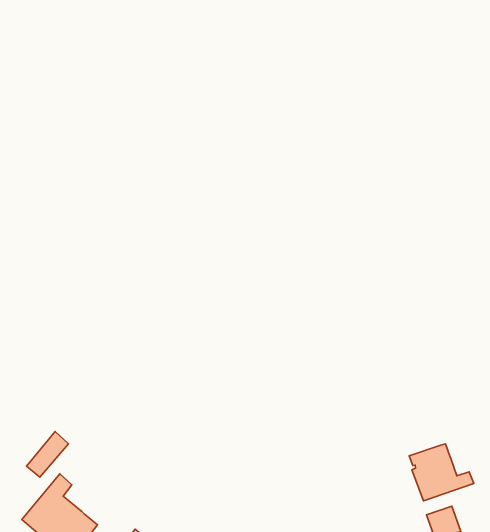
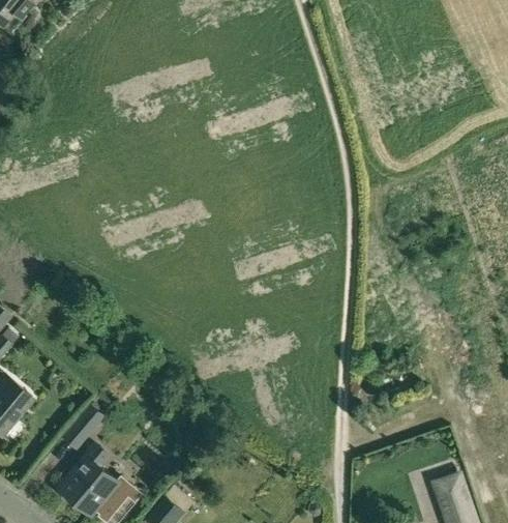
building: [409,444,474,501] -> none

